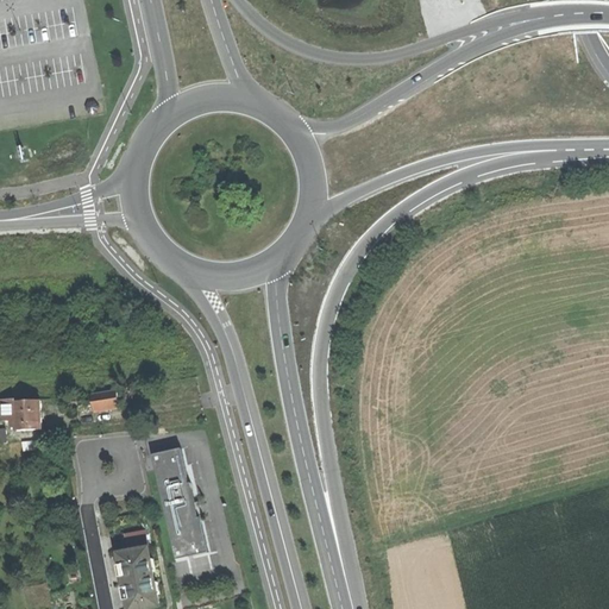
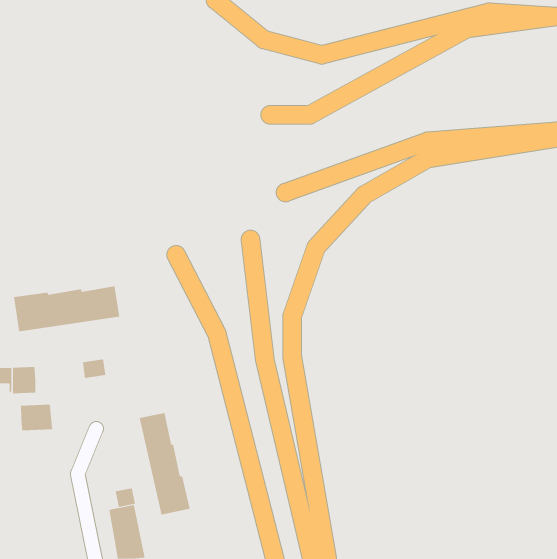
building: none -> [14,285,120,332]
building: none -> [21,404,53,431]

